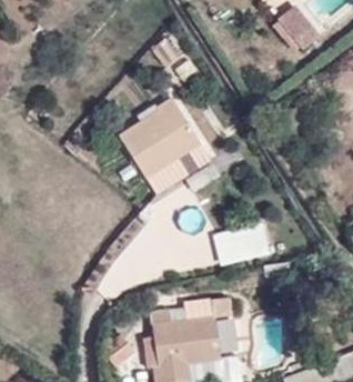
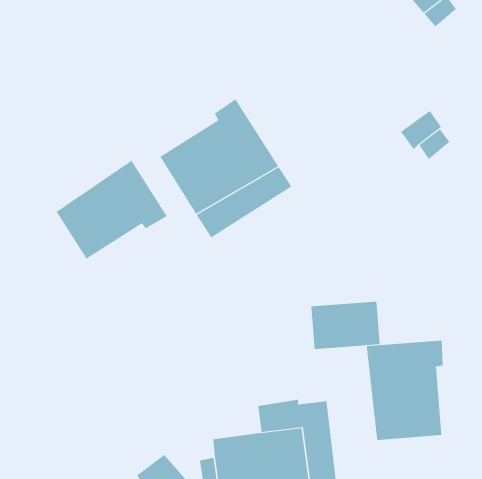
building: none -> [56,160,167,260]
building: none -> [366,340,443,441]

